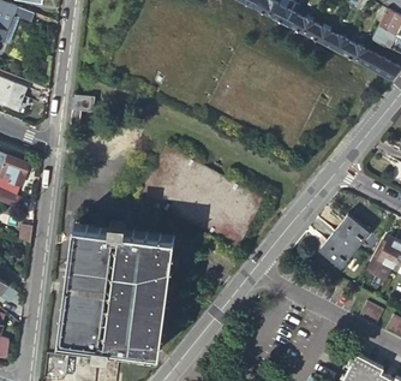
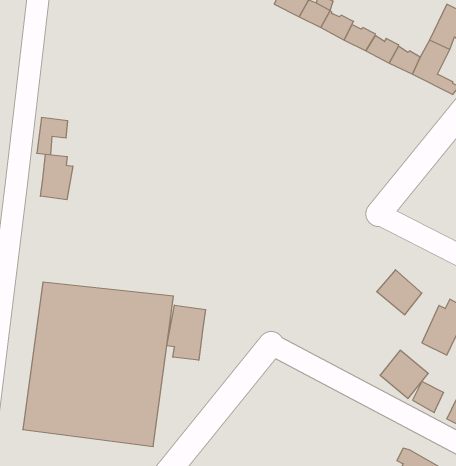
building: none -> [40,154,73,200]
building: [317,231,354,268] -> [380,350,428,398]
building: none -> [167,305,206,360]

